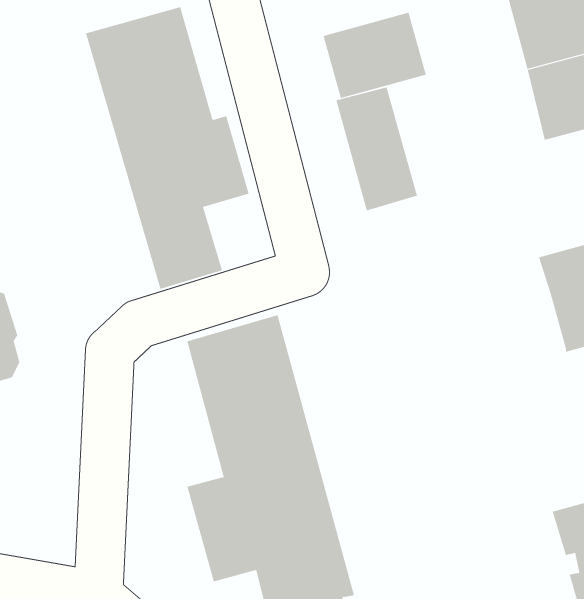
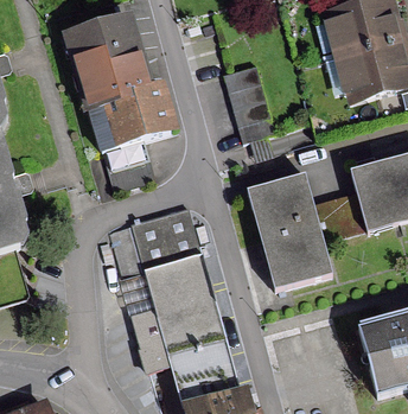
building: [323,12,426,99] -> none
building: none -> [248,173,365,288]

